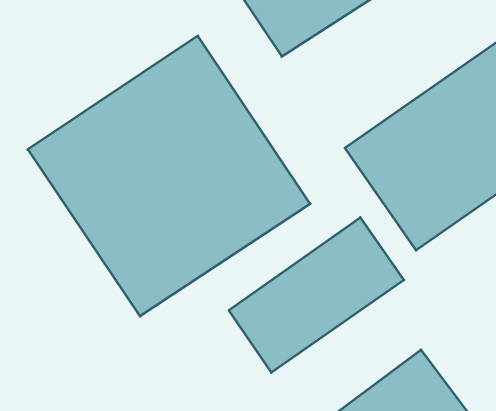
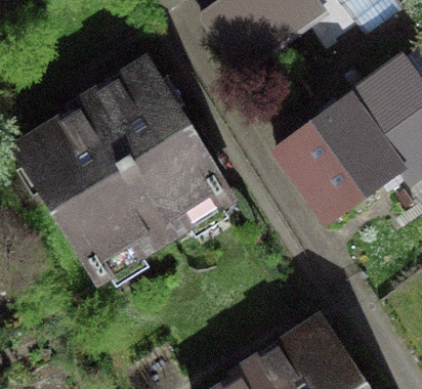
building: [229,217,404,373] -> none

